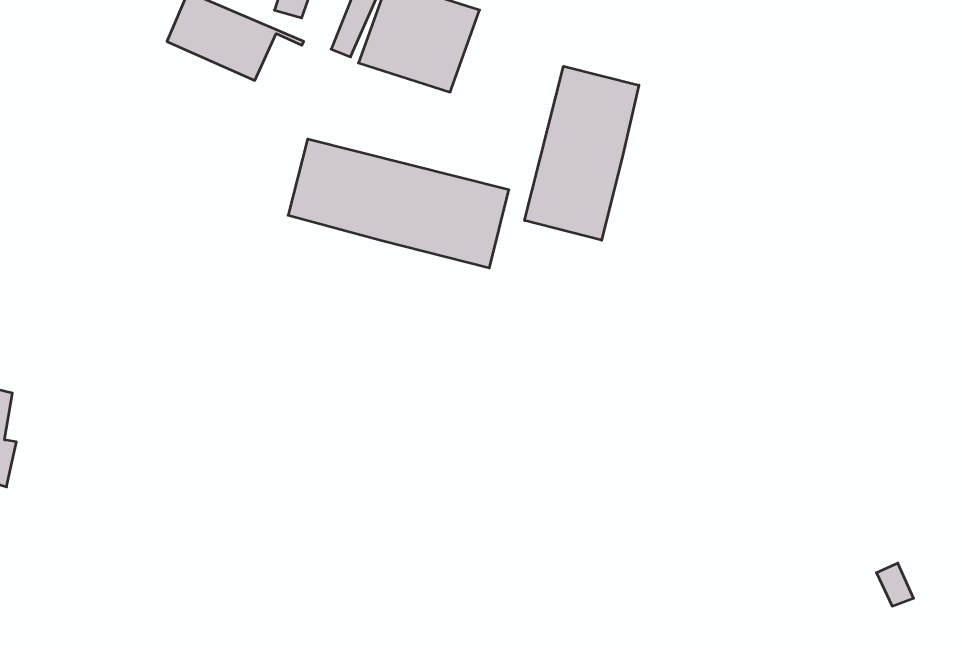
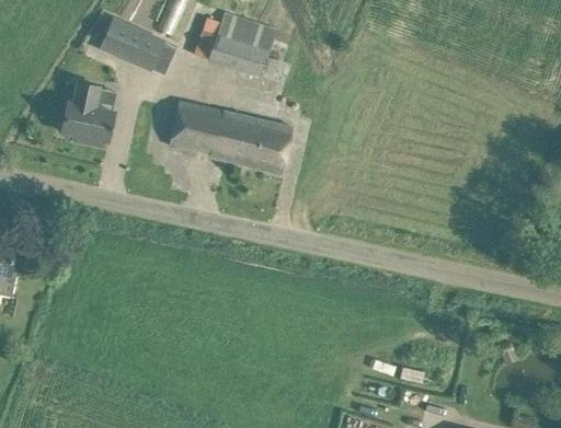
building: [525,66,639,240] -> none
building: none -> [61,81,114,144]

